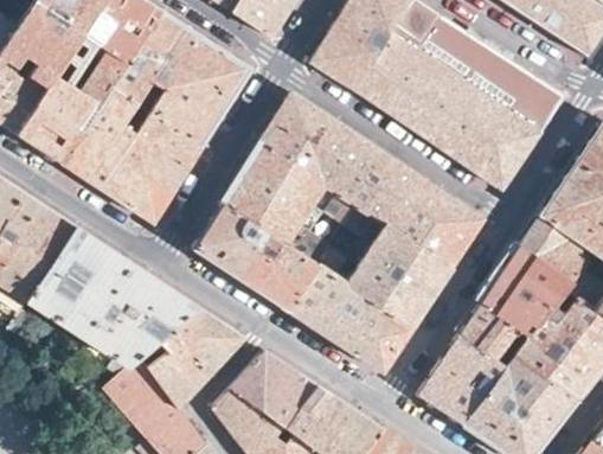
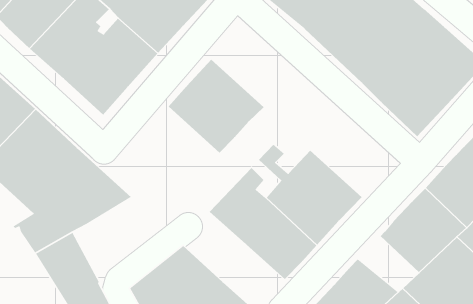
building: [262,91,482,266] -> none
building: [195,200,332,309] -> none
building: [460,306,530,364] -> none
building: [148,307,245,407] -> none

